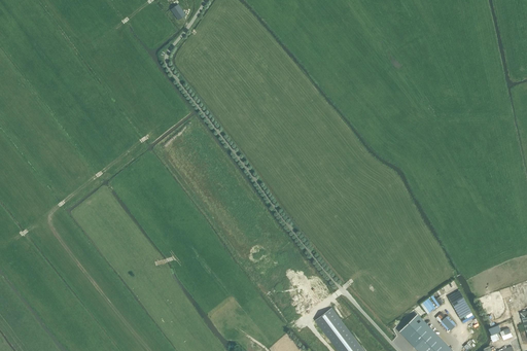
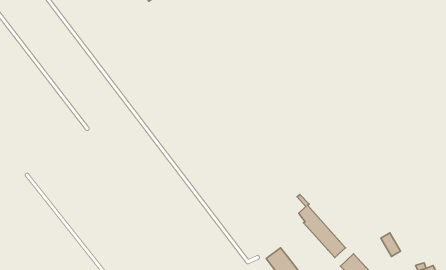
building: none -> [297,194,345,257]

